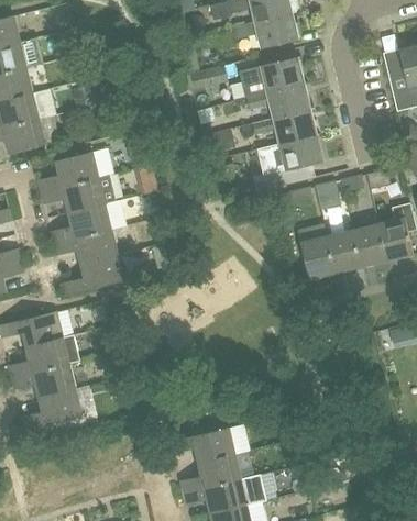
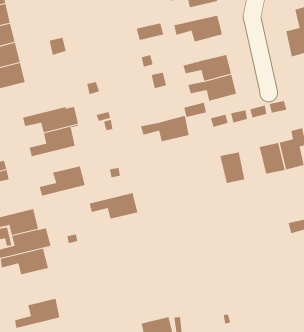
building: [245,82,310,118] -> [140,115,190,142]
building: [37,147,99,191] -> none
building: [53,229,118,264] -> [89,193,138,219]
building: [327,230,361,273] -> none
building: [21,389,81,429] -> [14,298,60,328]
building: [169,426,234,462] -> none

